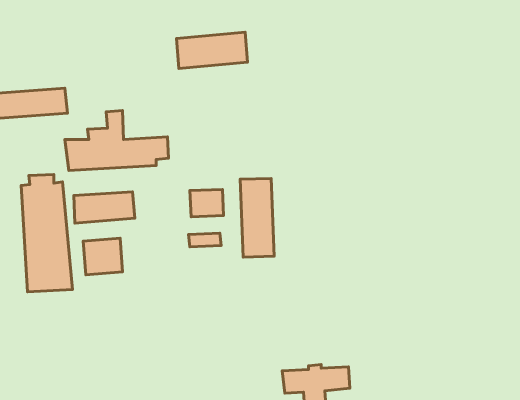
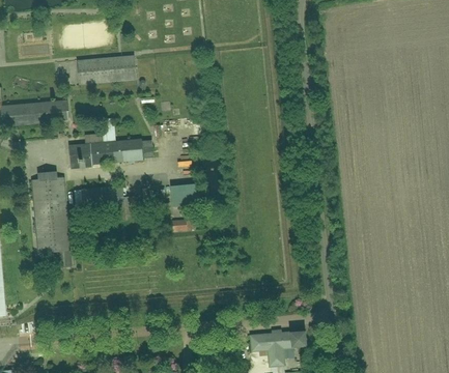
building: [176,32,248,68] -> [75,55,134,85]
building: [240,179,274,257] -> none
building: [83,238,123,275] -> none

